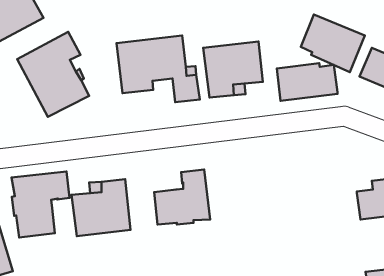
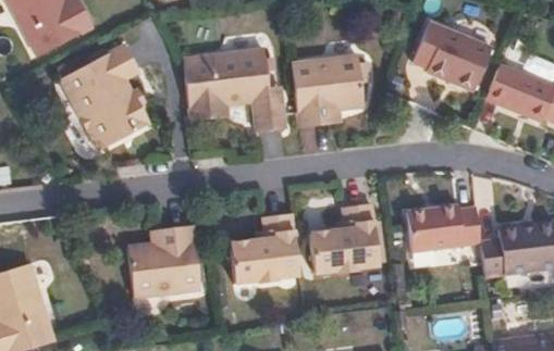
building: [277,63,337,101] -> [406,204,481,251]
building: none -> [310,203,380,273]
building: [11,172,70,238] -> none

